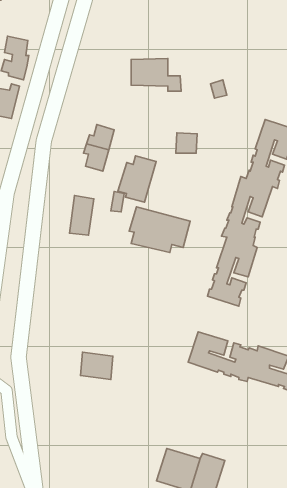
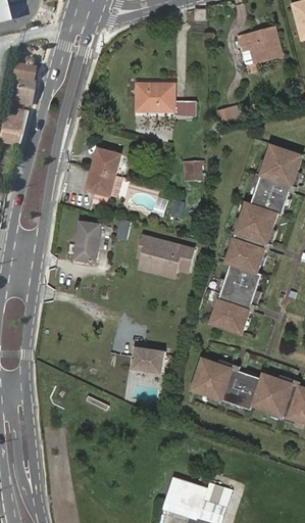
building: none -> [239,32,282,63]
building: [118,156,156,202] -> none
building: [80,352,113,380] -> [131,344,163,372]

